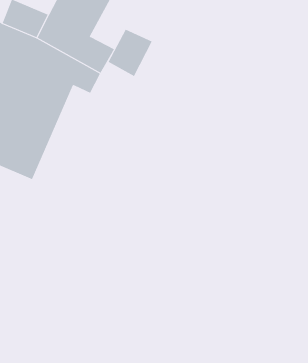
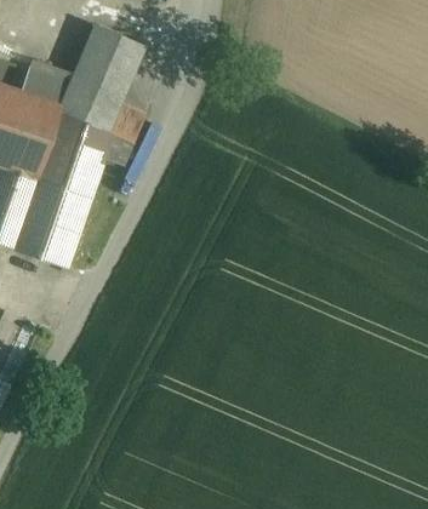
building: [108,29,153,77] -> none

